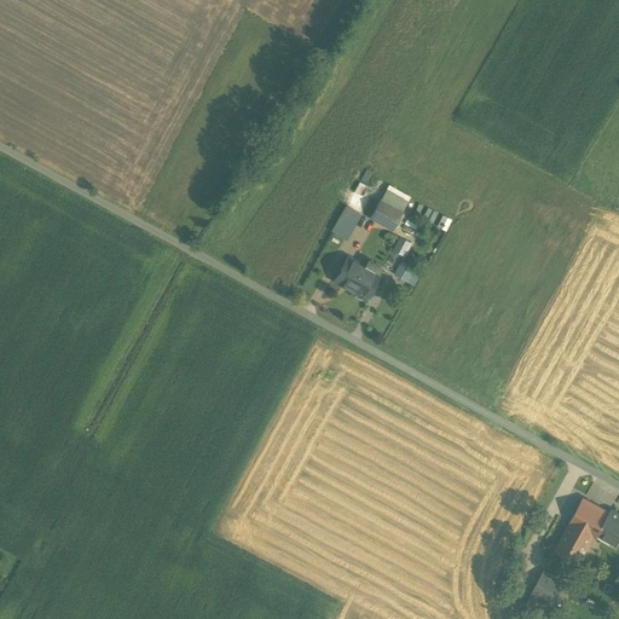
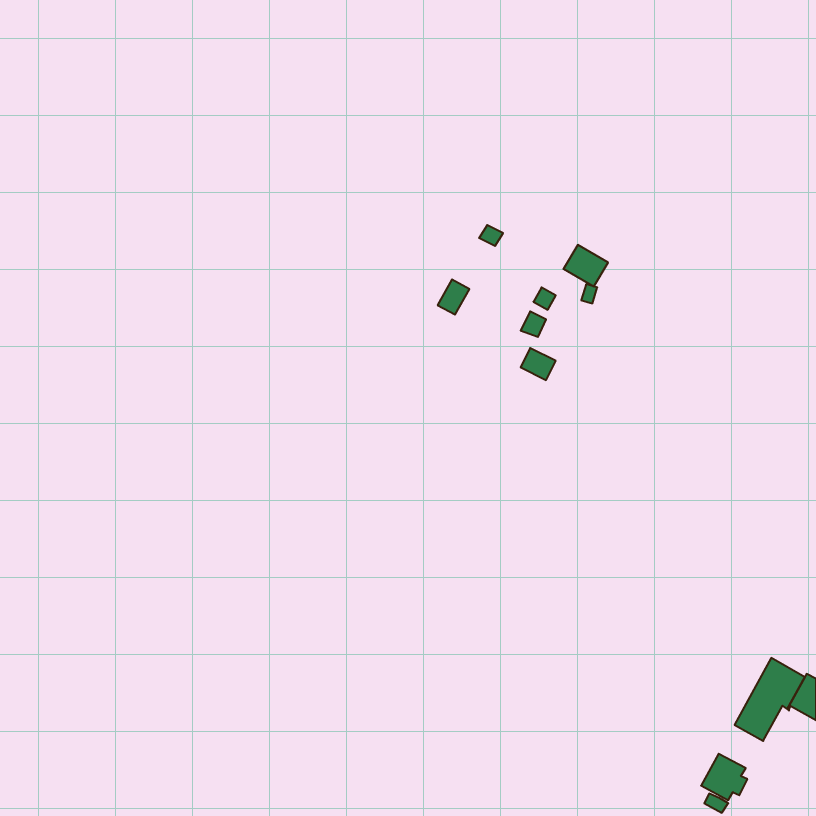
building: [369,198,403,230] -> [563,245,608,286]
building: [334,256,378,299] -> none

